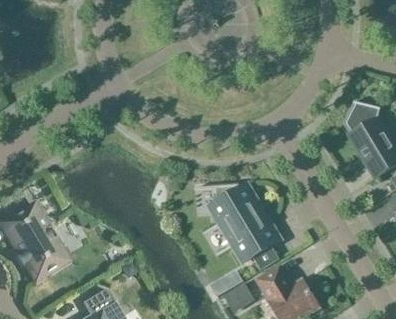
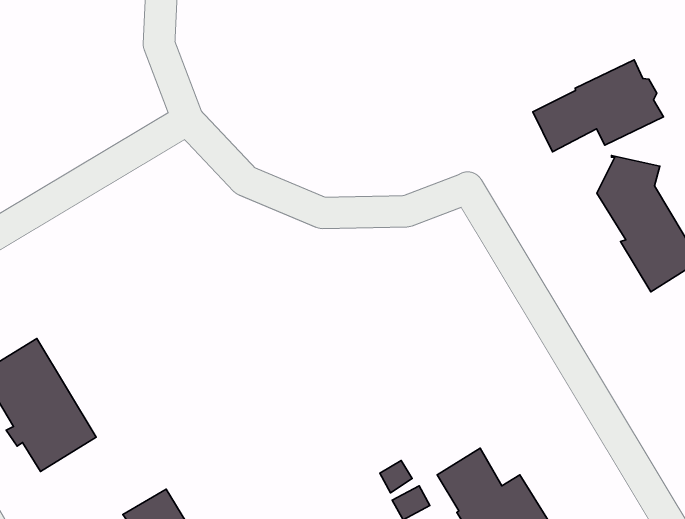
building: none -> [533,60,664,152]
building: [195,184,280,262] -> none

